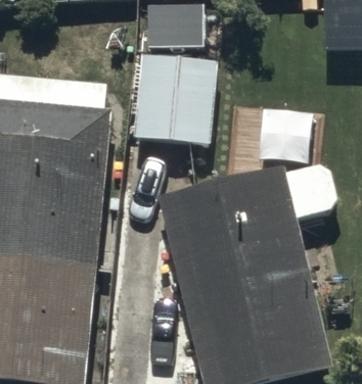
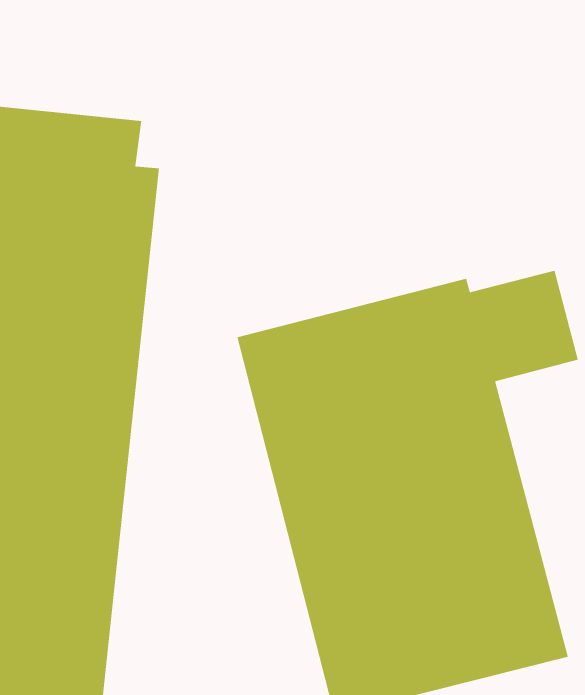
building: [133,55,216,142] -> none

